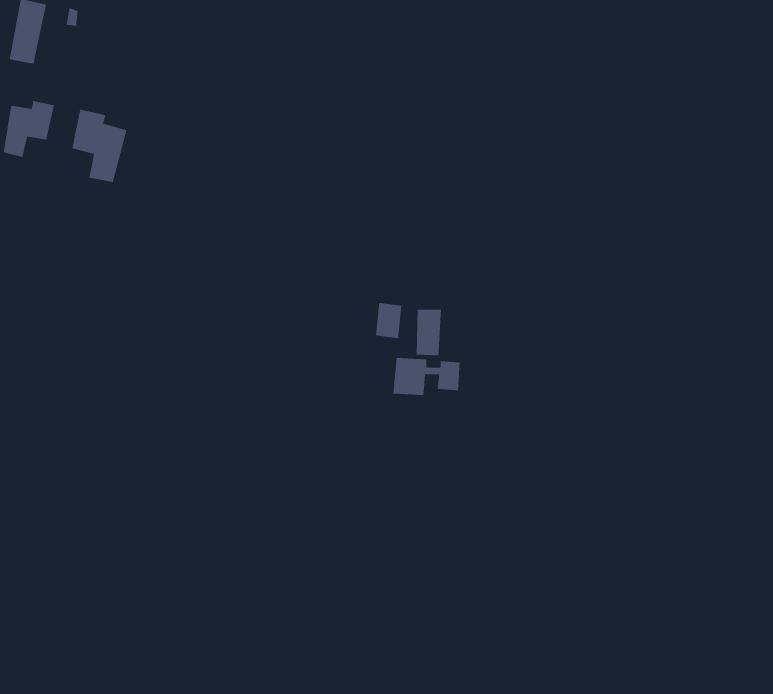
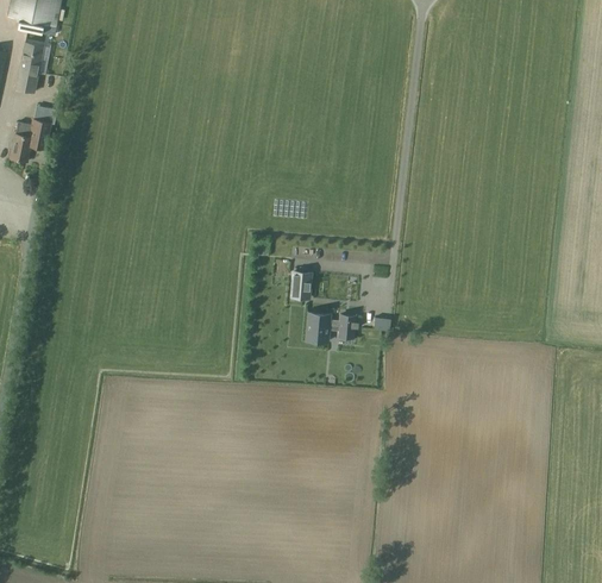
building: [72,109,127,183] -> none
building: [416,309,442,356] -> none

